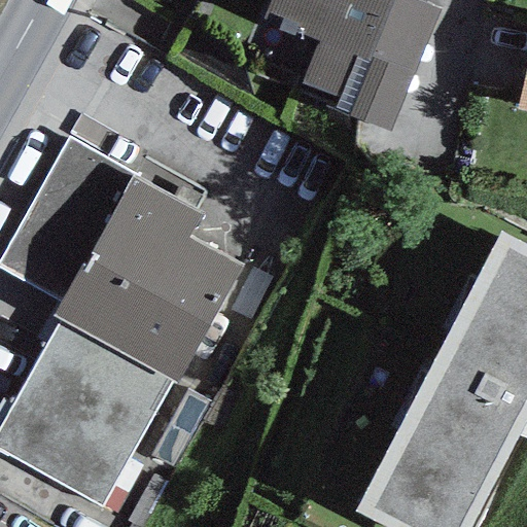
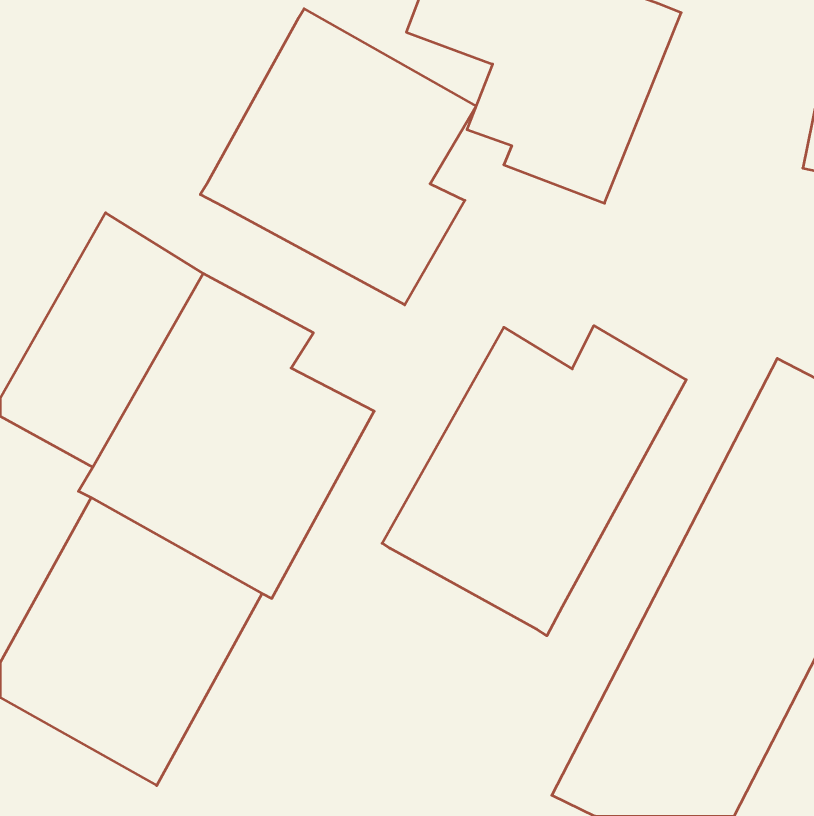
building: none -> [200,9,476,305]
building: none -> [382,326,686,636]

